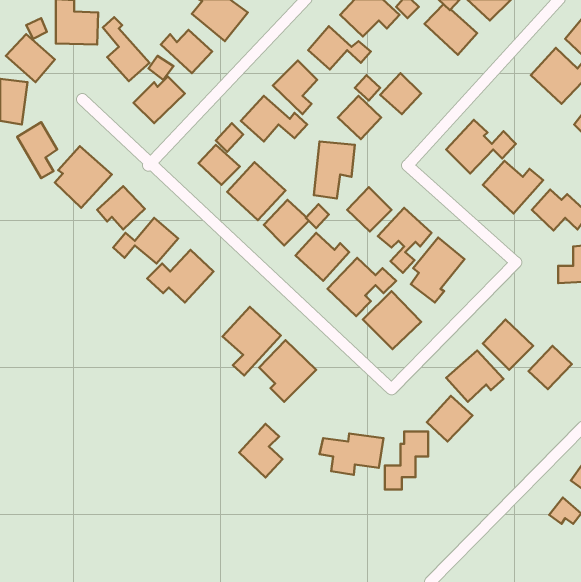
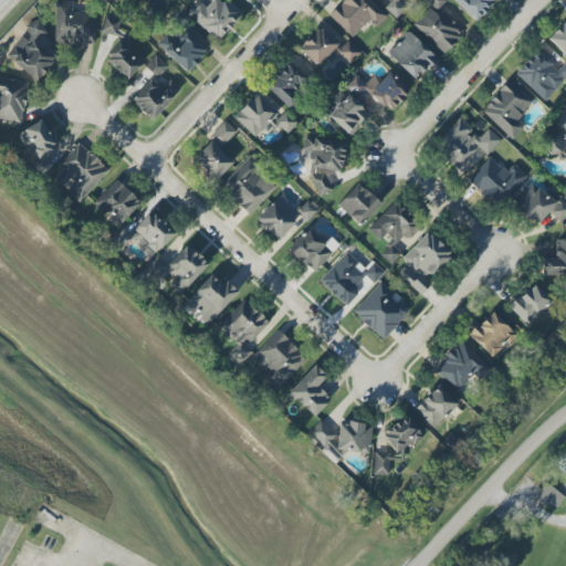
building: none -> [388,30,441,77]
building: none -> [482,80,534,139]
building: none -> [186,272,237,323]
building: [528,346,572,389] -> [511,282,553,324]
building: [239,424,283,477] -> [290,364,332,416]

